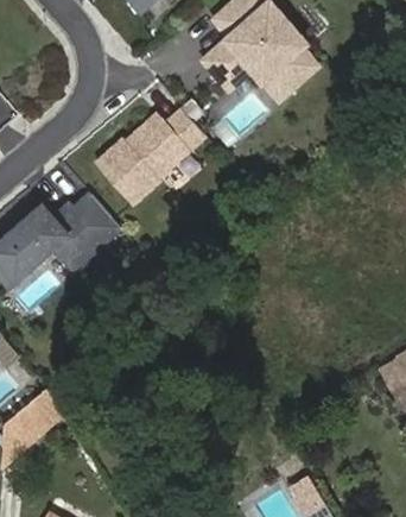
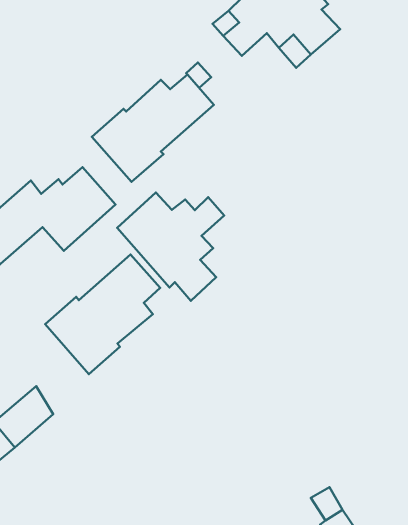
building: none -> [117,193,224,301]
building: none -> [45,255,160,374]

